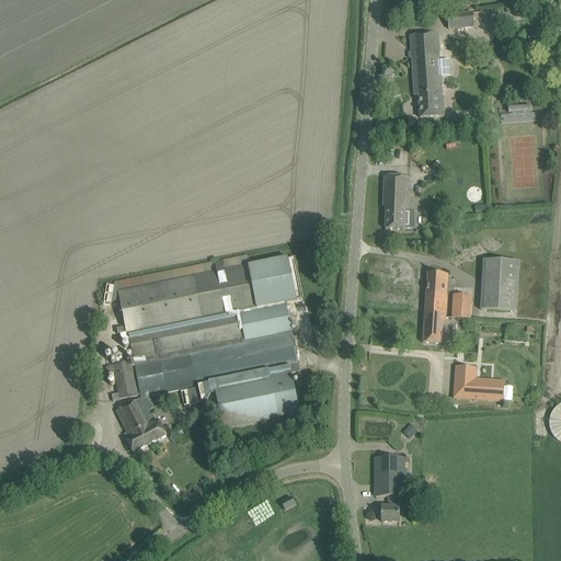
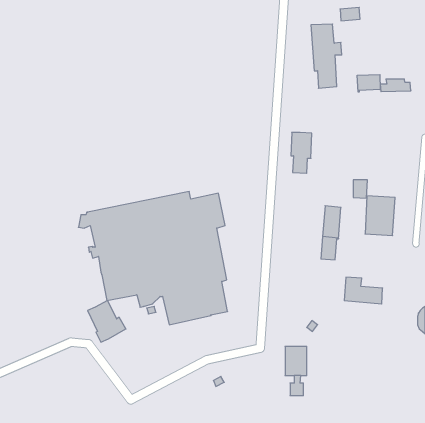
building: none -> [357,75,380,92]
building: [453,291,471,316] -> [353,180,367,198]
building: [105,358,138,400] -> none

